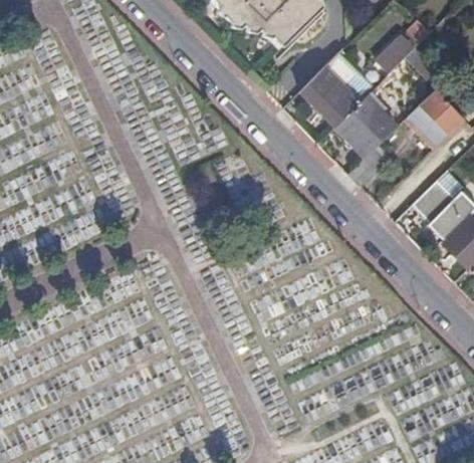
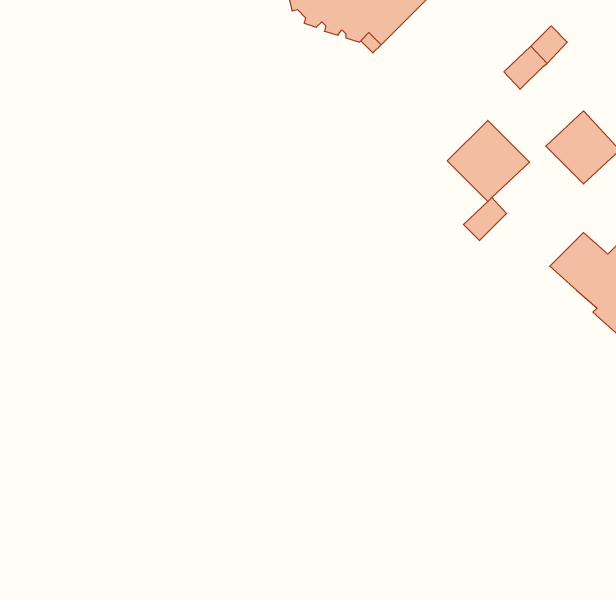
building: [299,51,374,127] -> none

